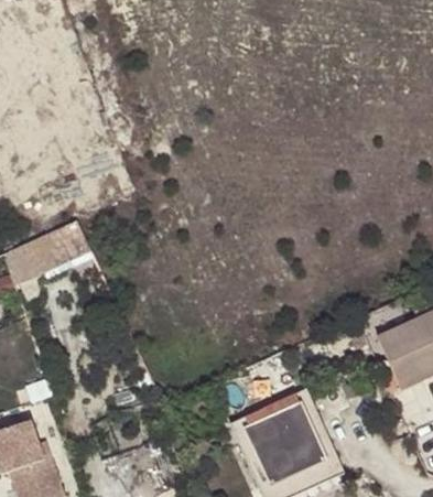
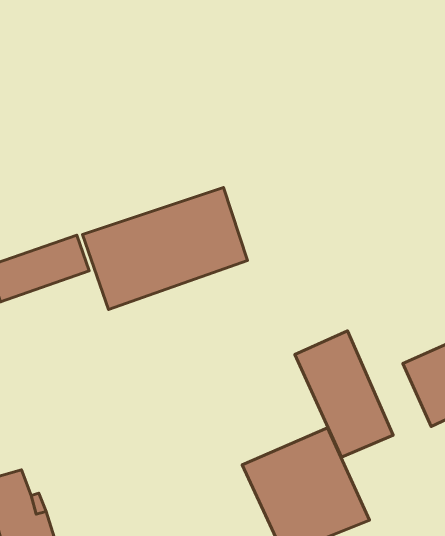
building: none -> [82,188,247,310]
building: none -> [295,331,393,457]

